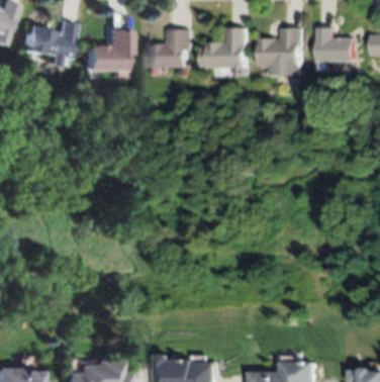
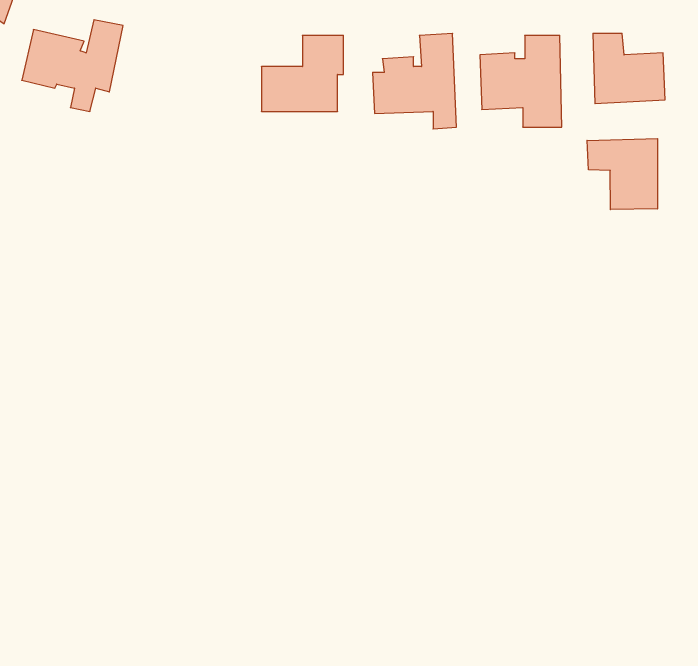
building: [86,29,131,71] -> none
building: none -> [587,139,657,210]

